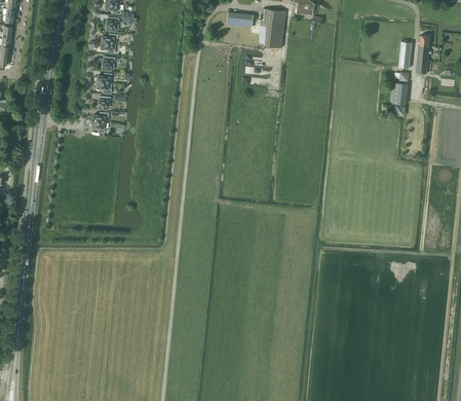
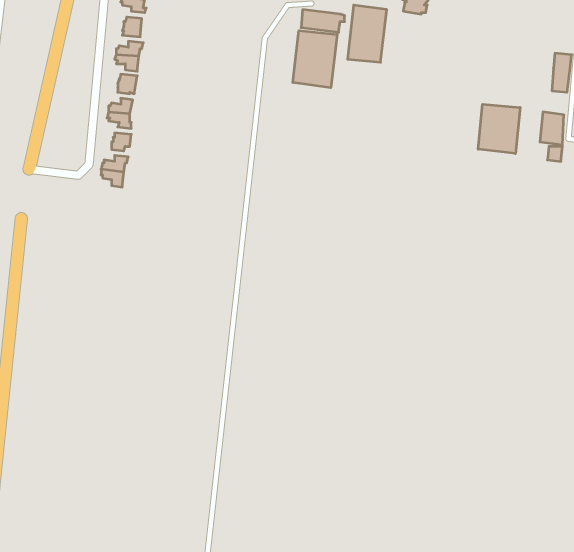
building: none -> [293,31,337,88]
building: none -> [478,104,520,154]

